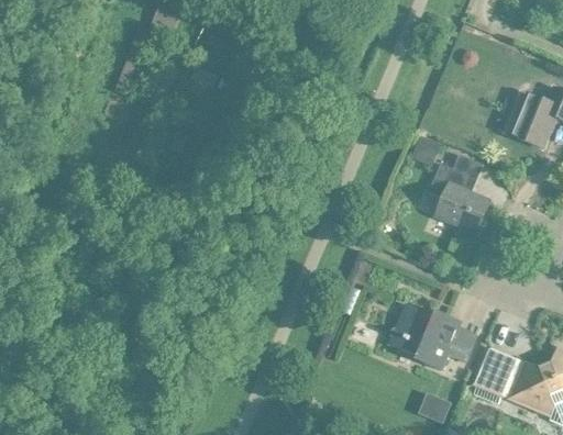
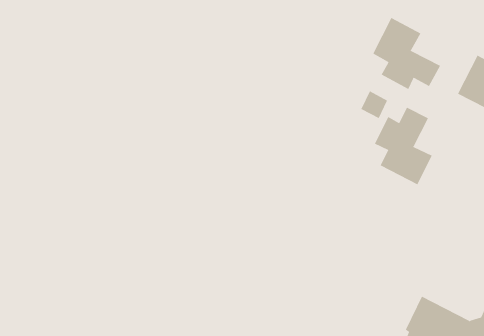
building: none -> [372,17,441,90]
building: [388,303,475,370] -> none

